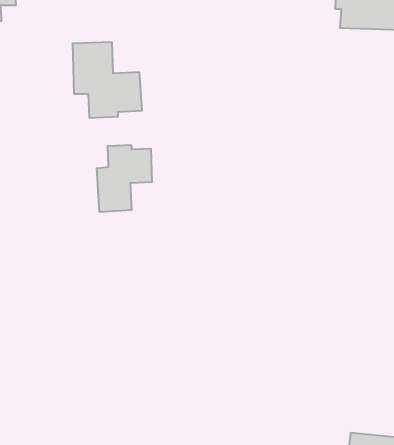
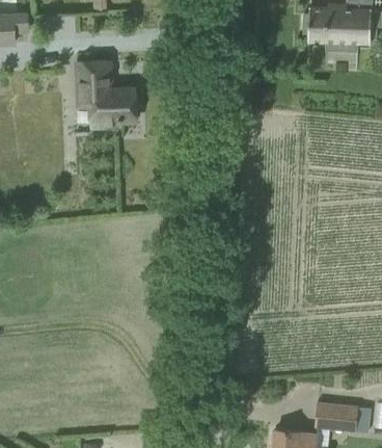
building: [97,145,152,212] -> none

